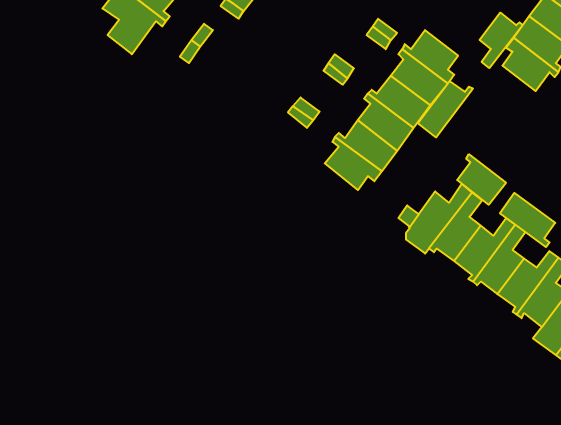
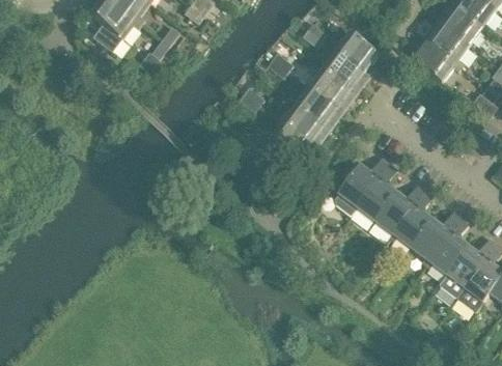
building: [480,13,523,68] -> none
building: [418,81,473,137] -> none
building: [457,154,506,205] -> none
building: [500,193,555,247] -> none

